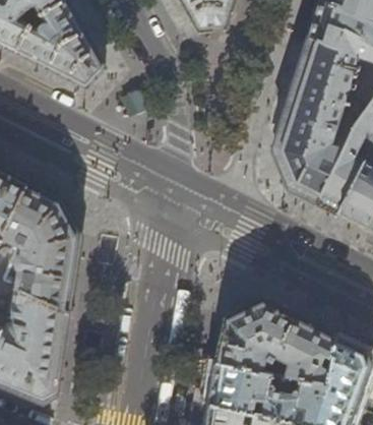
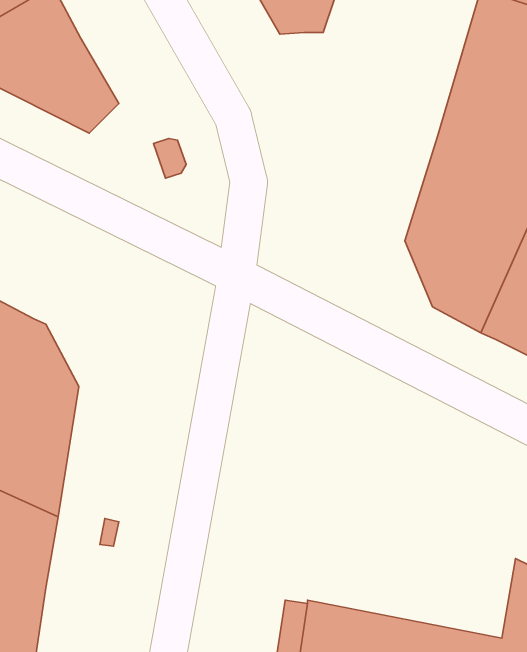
building: [214,302,336,385] -> none

